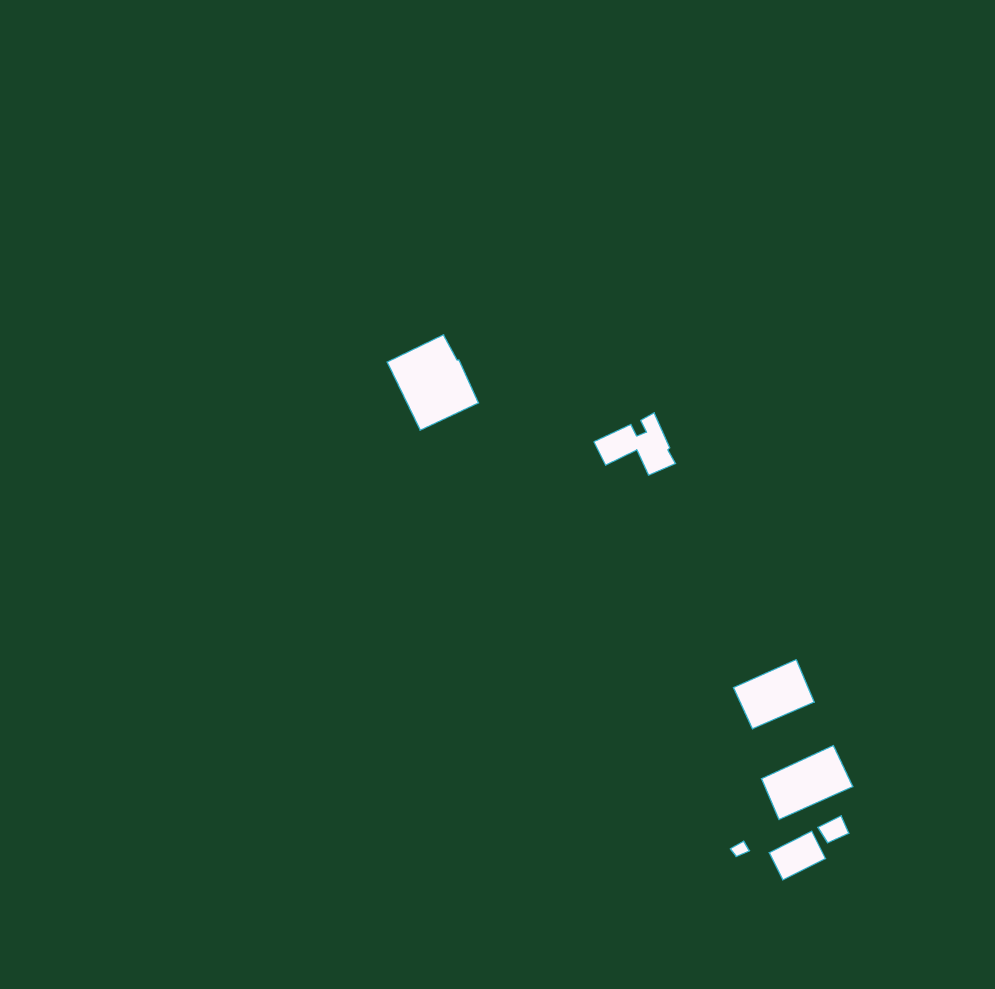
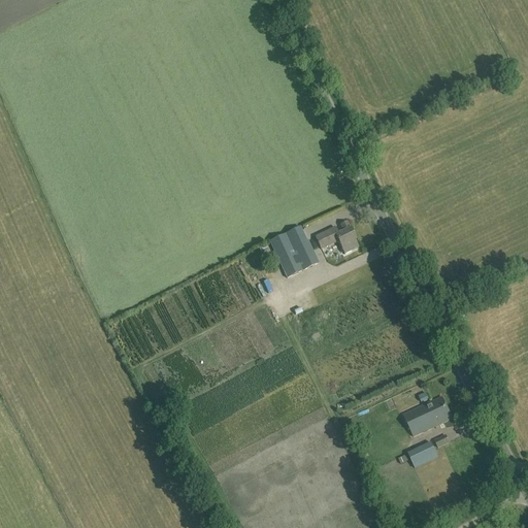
building: [387,335,479,430] -> [269,225,318,275]
building: [733,660,814,729] -> none

